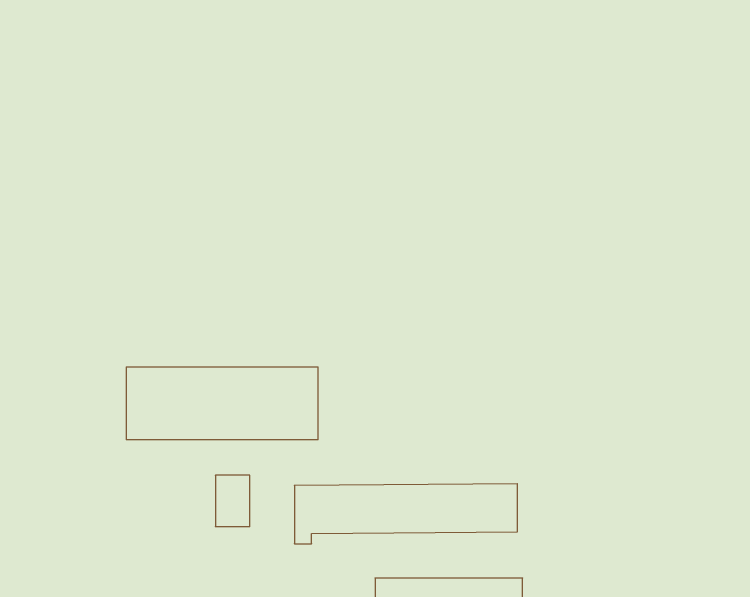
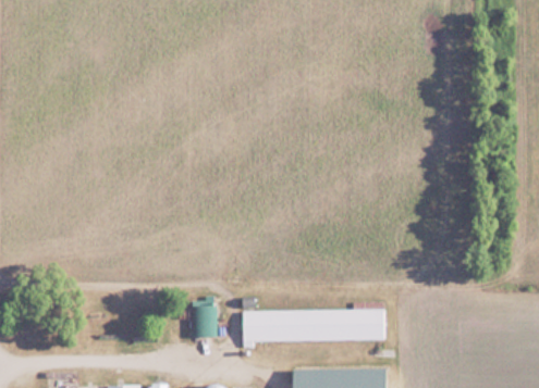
building: [126,367,318,440] -> none

